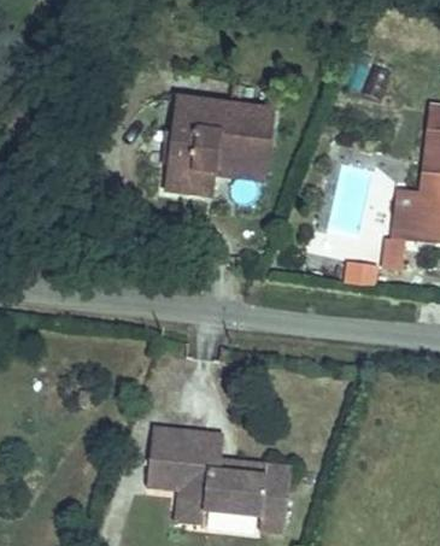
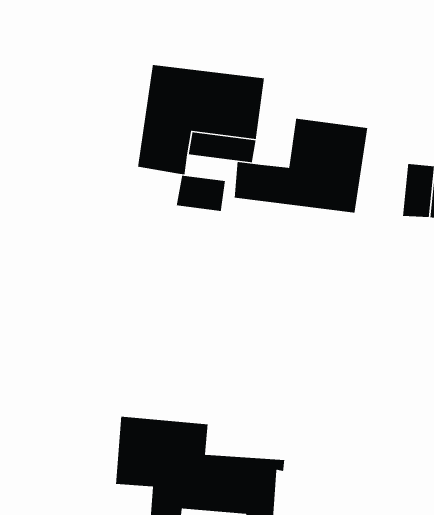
building: none -> [234,118,368,213]
building: none -> [176,175,226,212]

